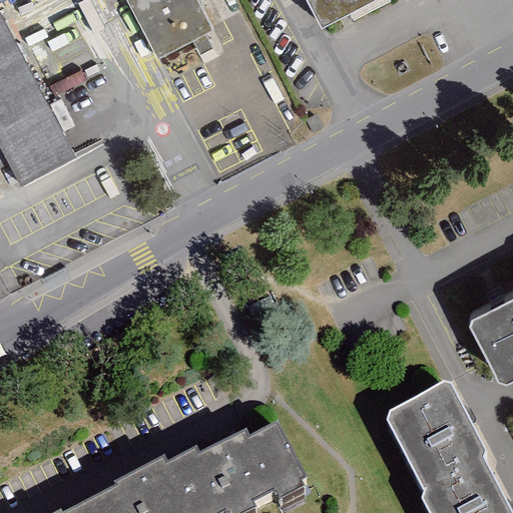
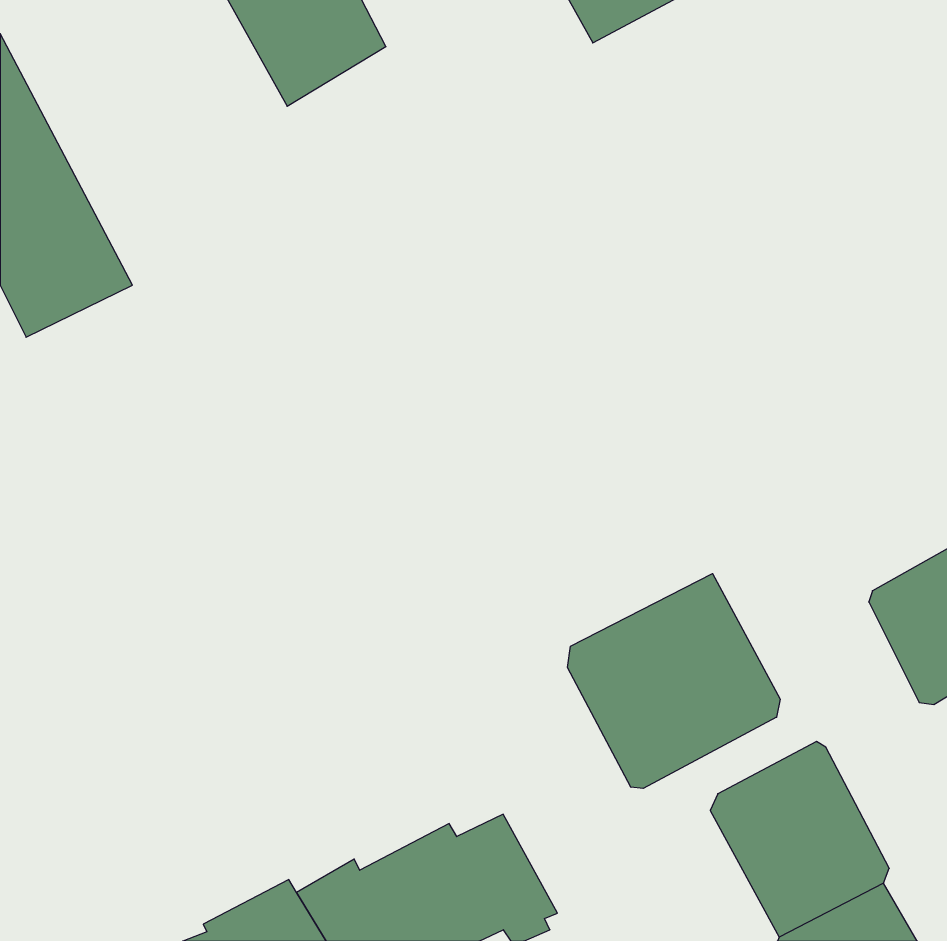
building: none -> [568,574,780,788]

